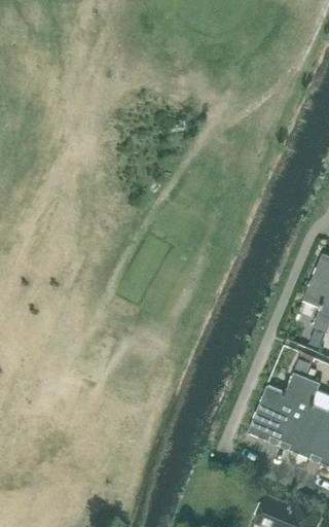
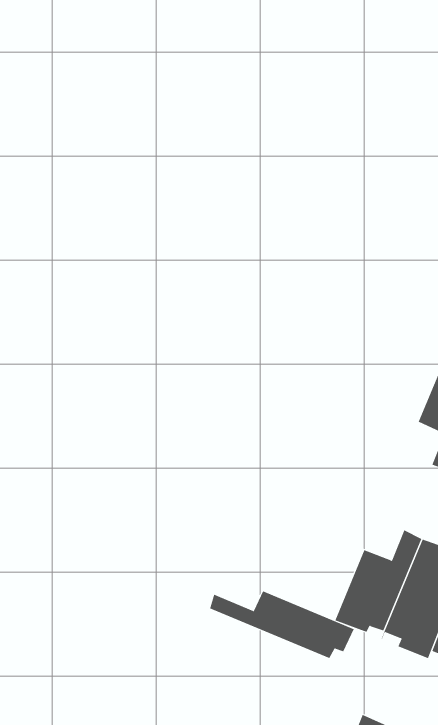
building: none -> [210,590,355,659]

